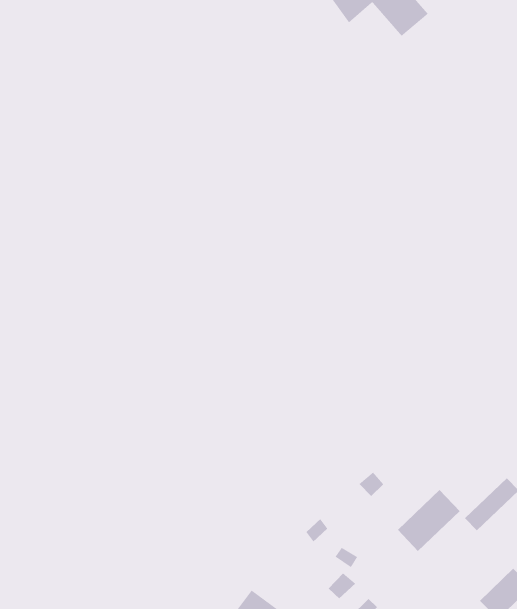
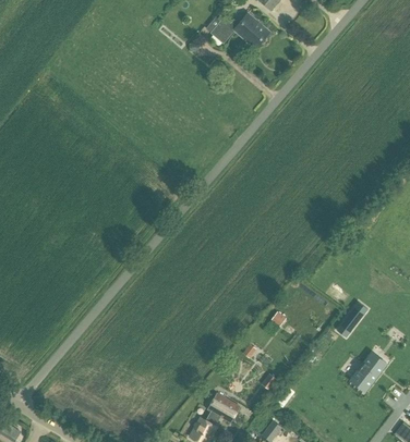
building: [397,489,460,552] -> none

